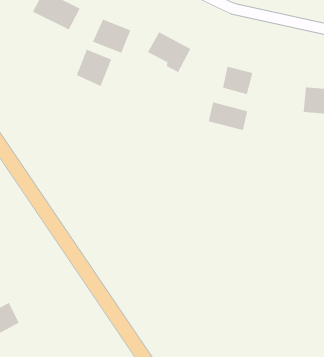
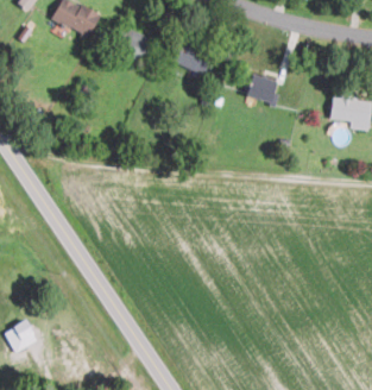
building: [76,49,112,87] -> none
building: [208,102,248,131] -> none

